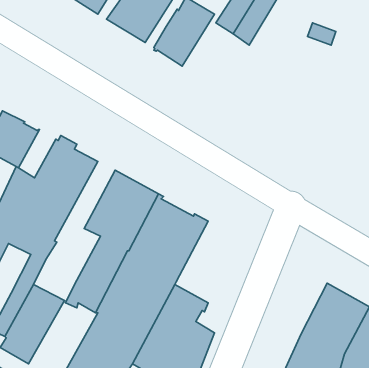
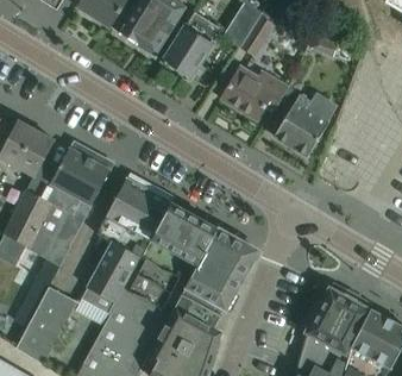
building: none -> [220,67,288,120]
building: none -> [274,94,328,157]
building: none -> [183,227,251,311]

